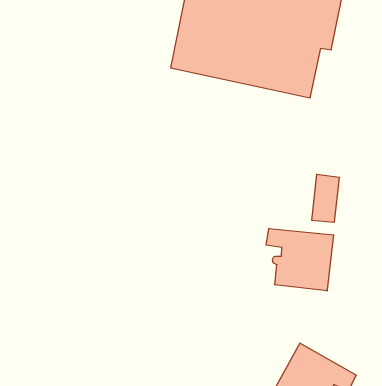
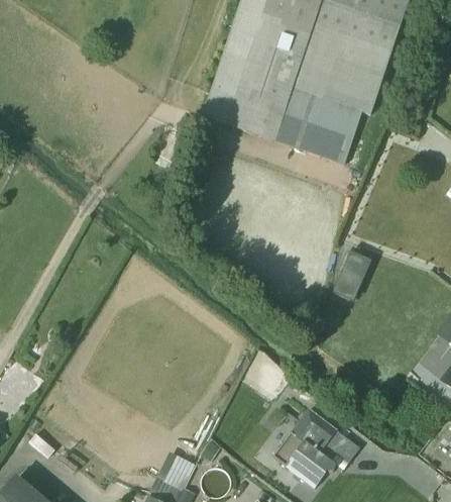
building: [266,228,333,291] -> none

